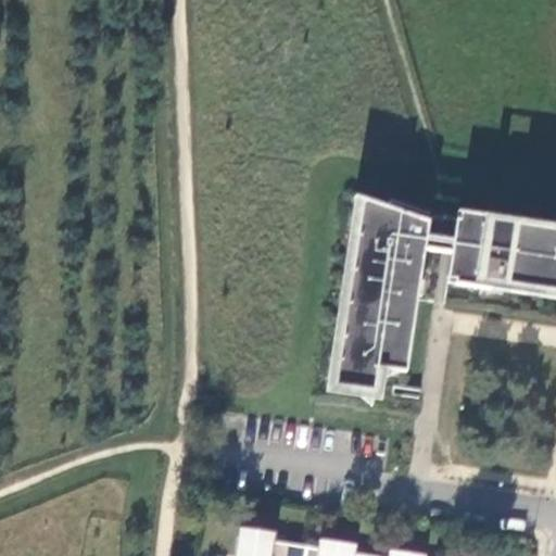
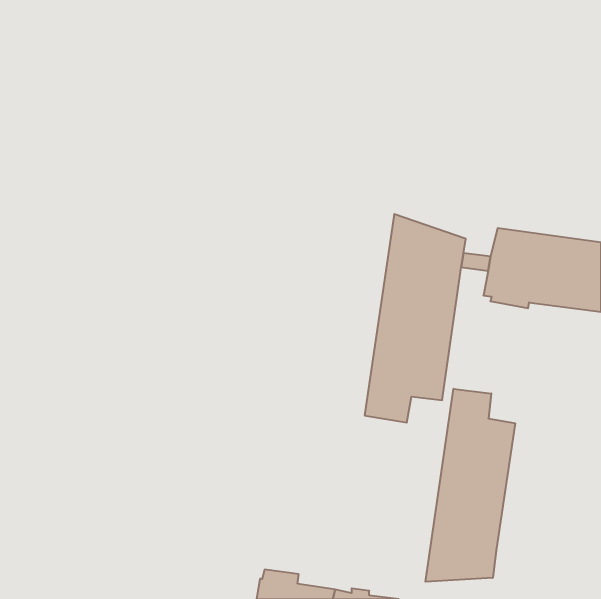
building: none -> [425,389,515,582]

